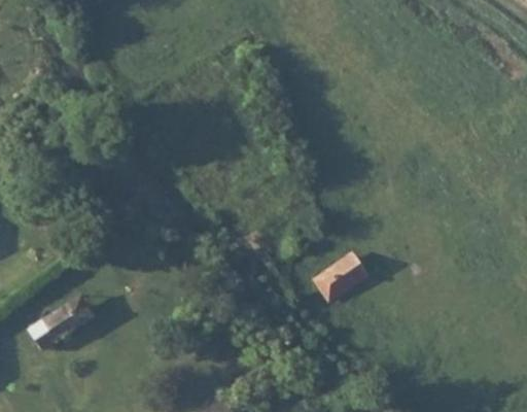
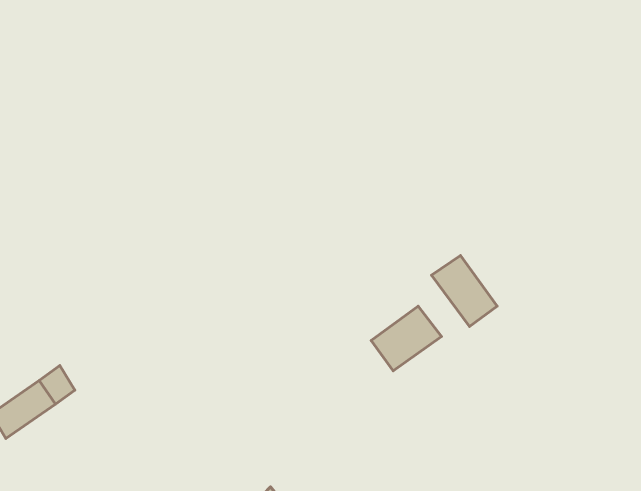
building: none -> [431,255,497,327]

